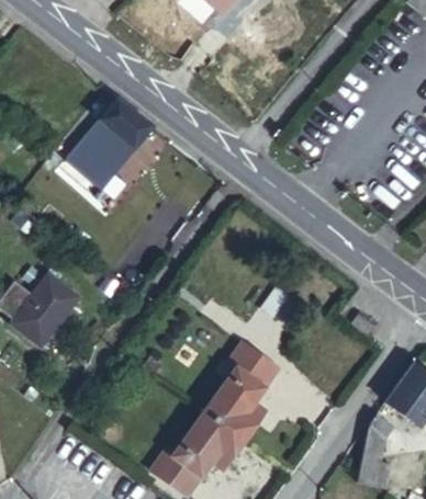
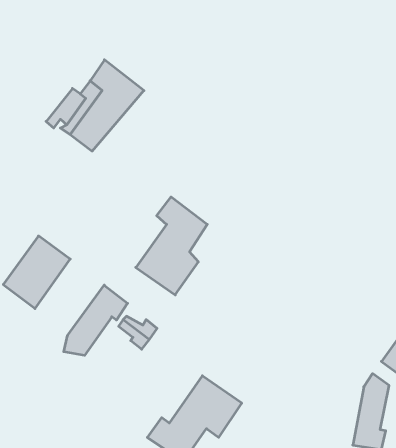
building: none -> [64,285,128,355]
building: [209,341,280,439] -> [136,197,207,295]

